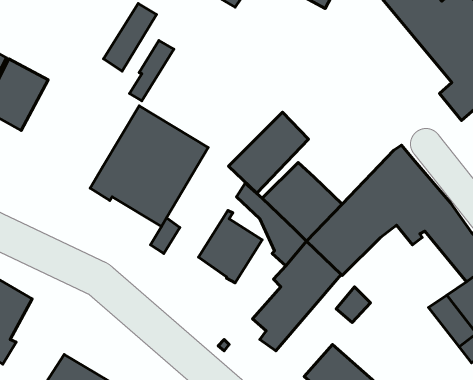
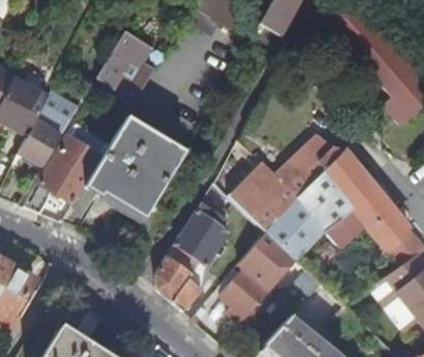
building: none -> [20,90,78,164]
building: [229,112,308,193] -> [274,131,341,199]
building: none -> [25,146,95,213]
building: none -> [157,251,201,310]

